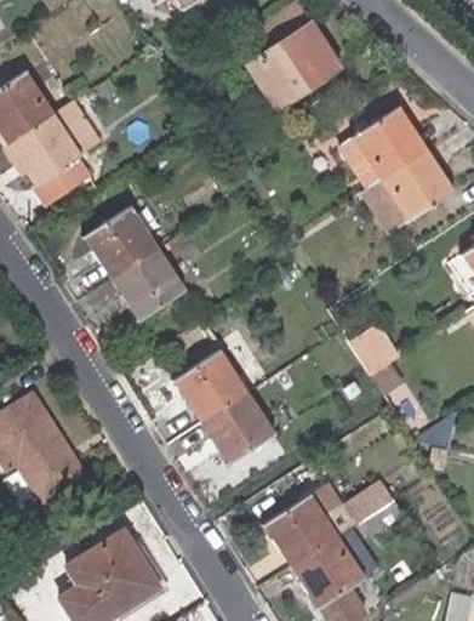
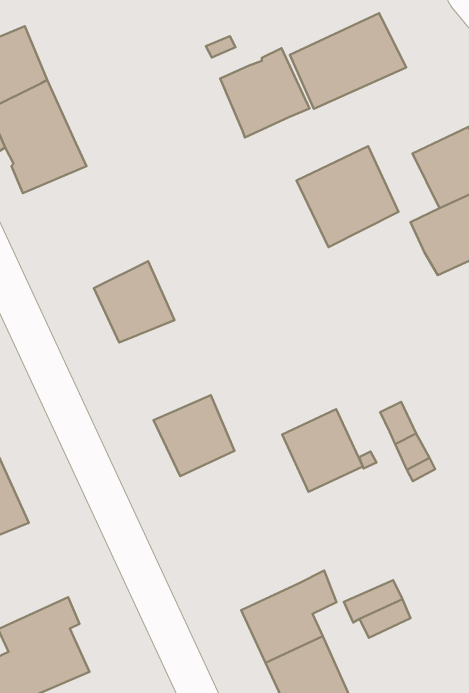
building: none -> [220,48,310,137]
building: [51,97,103,159] -> none
building: none -> [297,146,399,247]
building: [85,210,153,278] -> none
building: [202,394,272,465] -> [282,409,363,492]

